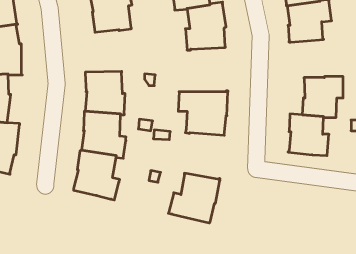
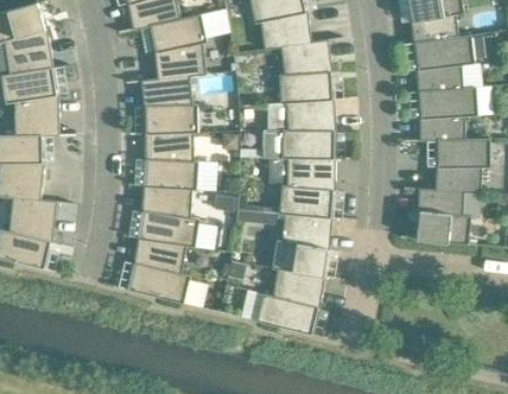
building: none -> [140,75,197,132]
building: none -> [419,87,477,140]
building: none -> [262,97,335,158]
building: none -> [271,212,331,275]

